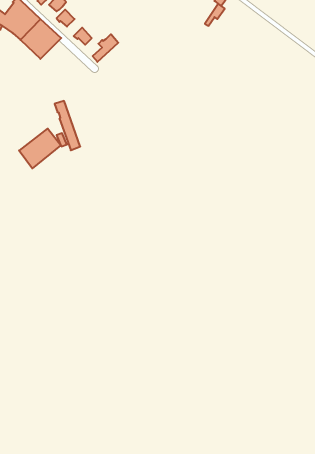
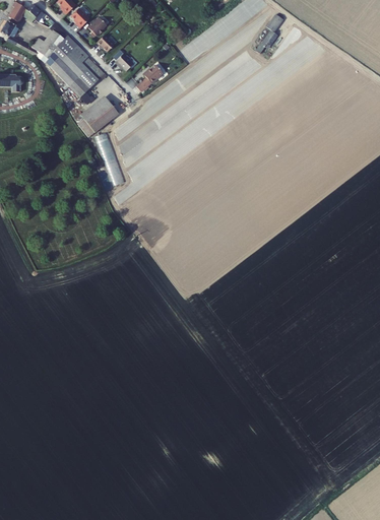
building: [19,129,61,168] -> [73,95,118,138]

